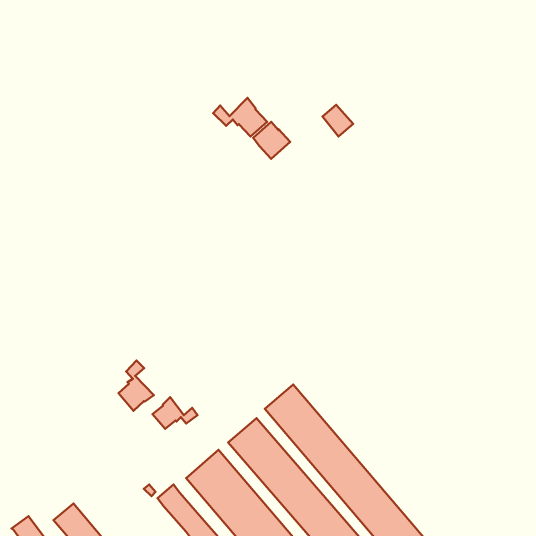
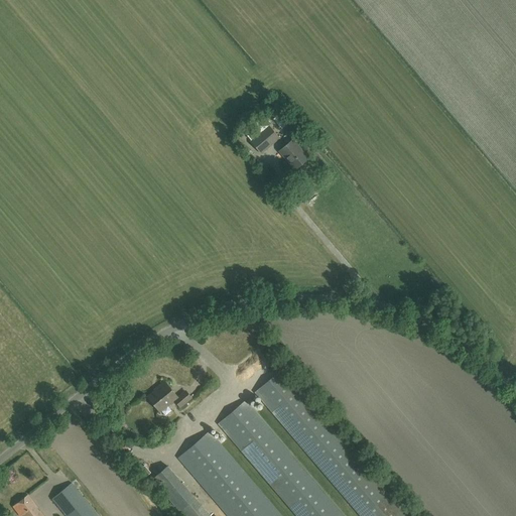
building: [213,98,267,137] -> none
building: [323,105,353,136] -> [278,139,307,169]
building: [118,361,154,411] -> none

